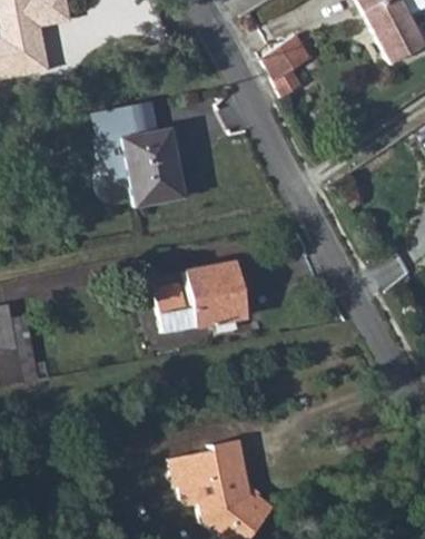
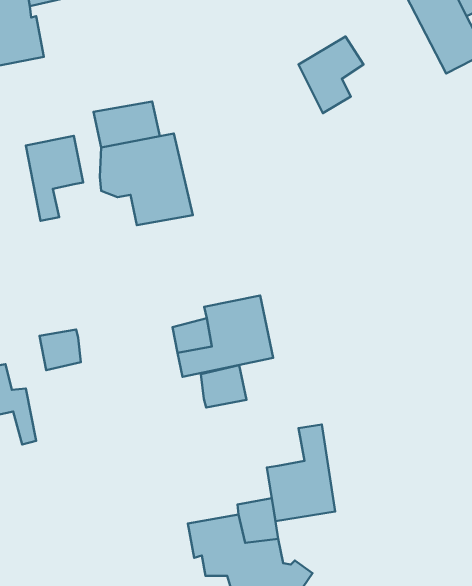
building: none -> [26,136,83,221]
building: none -> [39,329,81,370]
building: none -> [201,365,246,408]
building: none -> [267,424,335,521]

